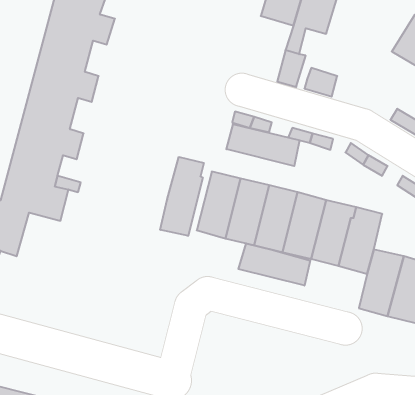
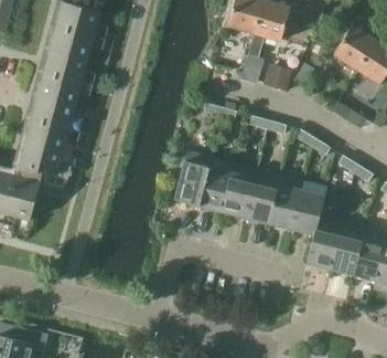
building: [226,124,299,166] -> none
building: [160,157,204,236] -> none
building: [238,243,310,286] -> none

